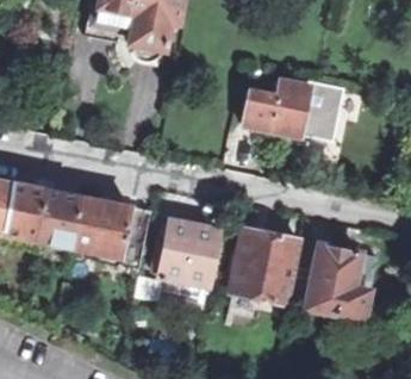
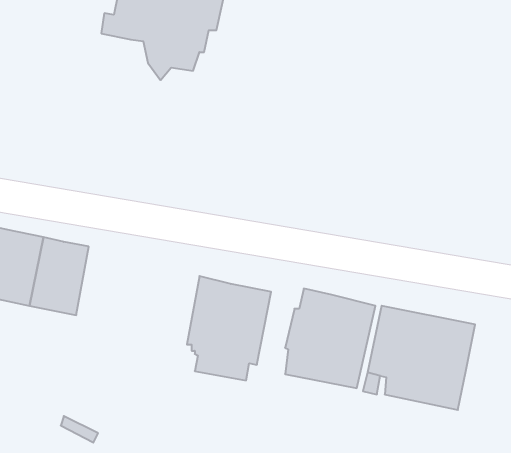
building: [247,79,349,141] -> none
building: [71,197,152,272] -> none

